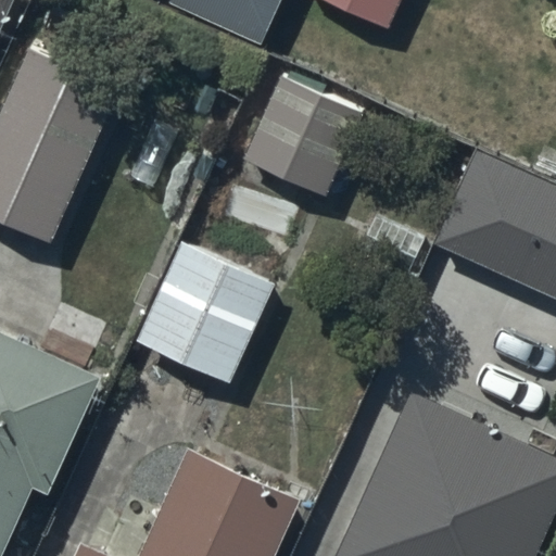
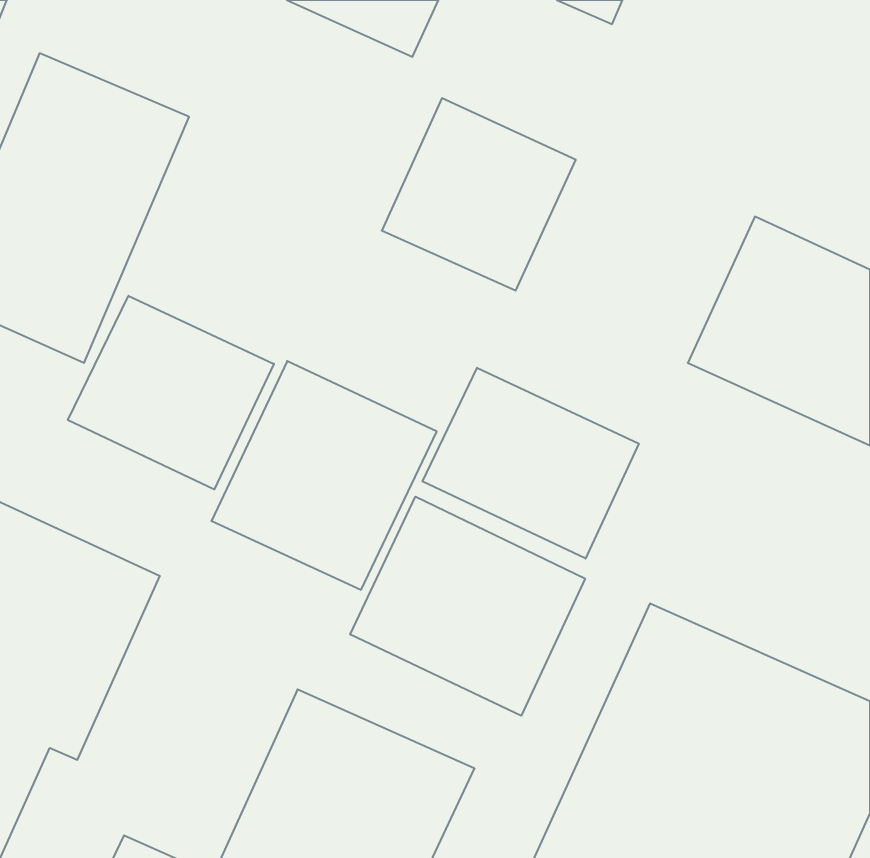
building: none -> [68,296,274,489]
building: none -> [422,368,639,559]
building: none -> [350,497,585,716]

